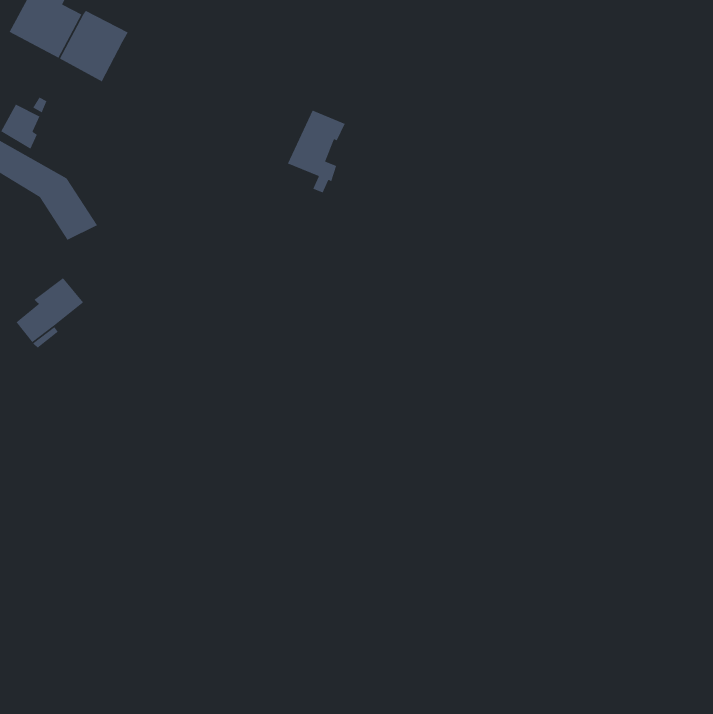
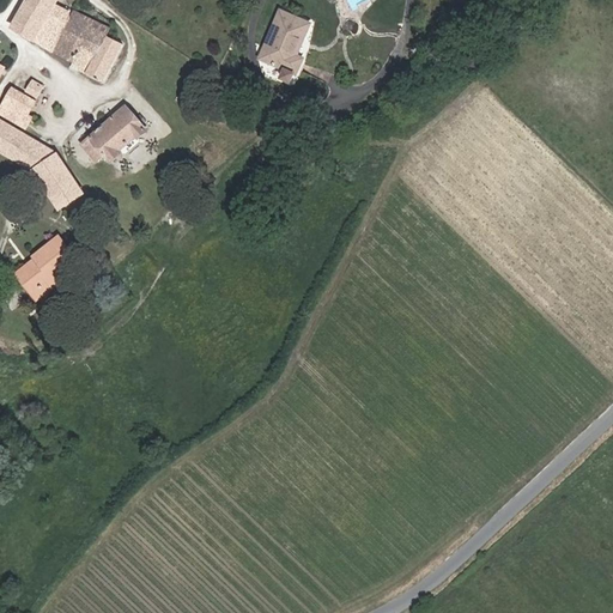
building: none -> [85,36,122,83]
building: [287,109,346,193] -> [259,8,309,80]
building: none -> [80,107,145,162]

